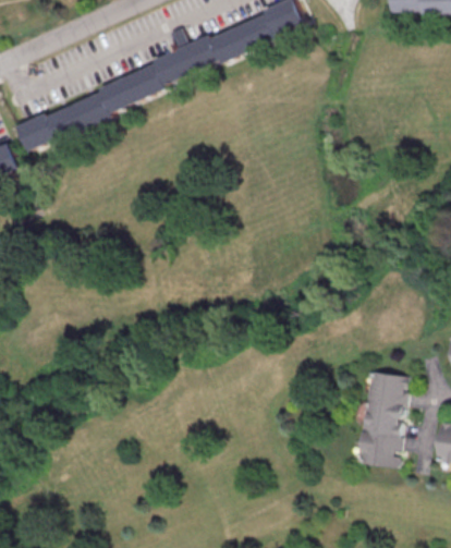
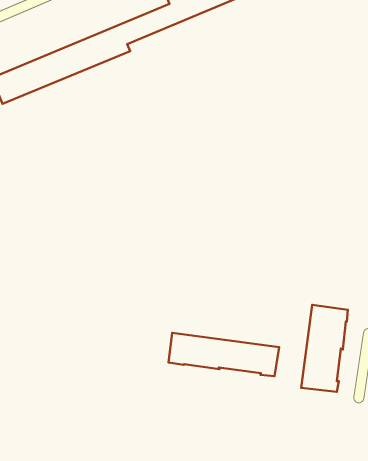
building: none -> [169,333,279,376]

